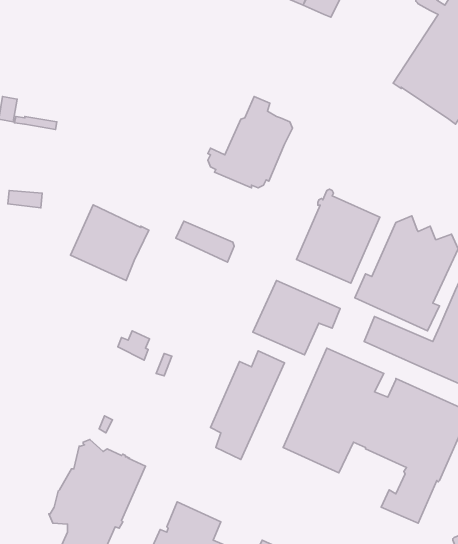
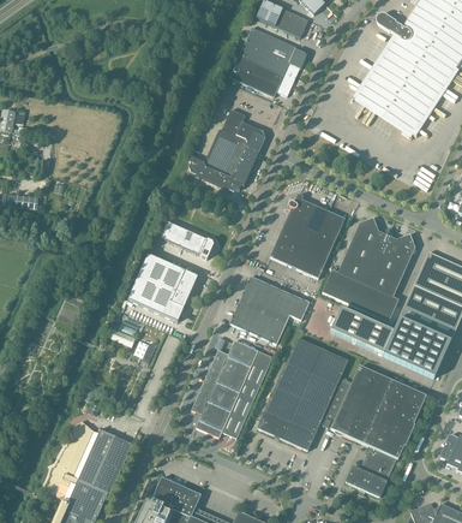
building: none -> [230,28,307,97]
building: [71,205,149,280] -> [128,254,199,322]

